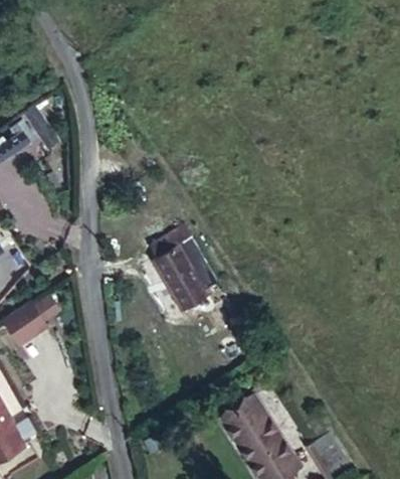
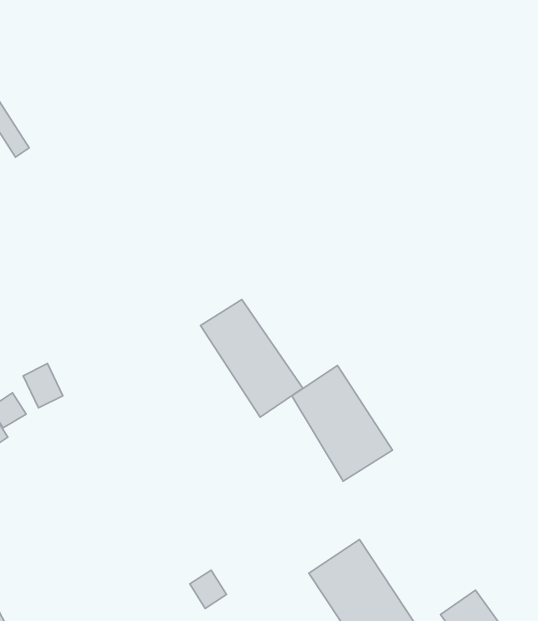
building: none -> [292,365,393,481]

